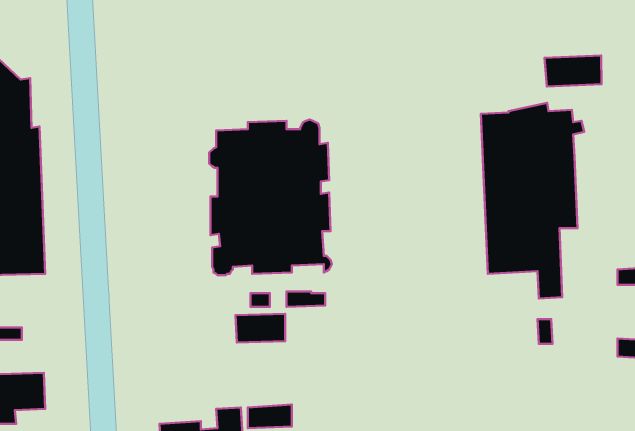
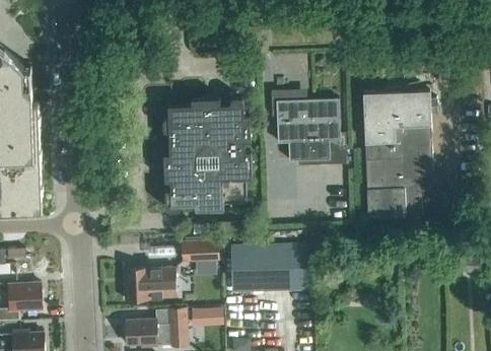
building: [545,55,602,86] -> none
building: none -> [277,94,347,164]
building: none -> [230,244,306,291]
building: none -> [124,268,177,300]

